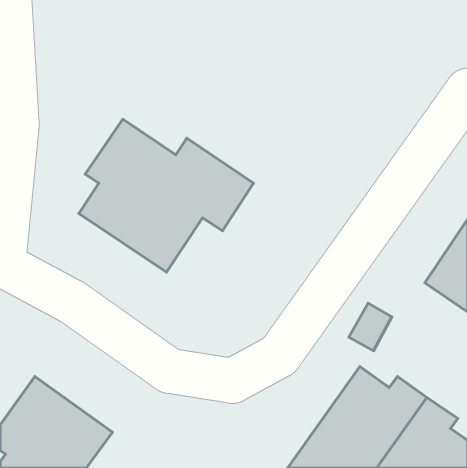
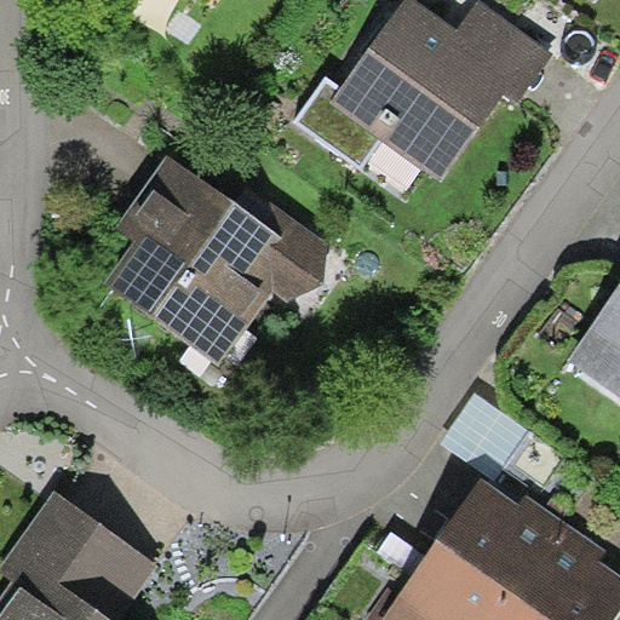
building: none -> [298,5,559,185]

